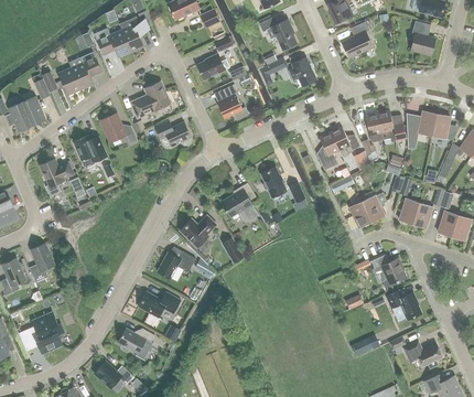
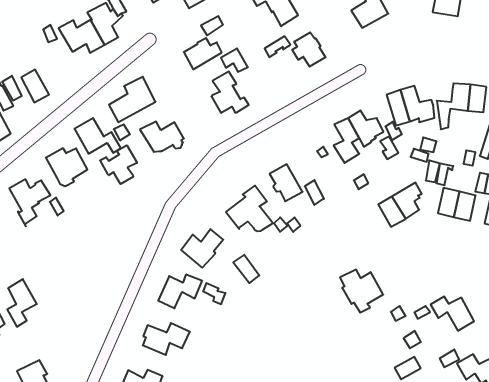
building: [68,52,101,89] -> none
building: none -> [100,145,137,184]
building: [370,255,406,291] -> [340,270,383,312]

